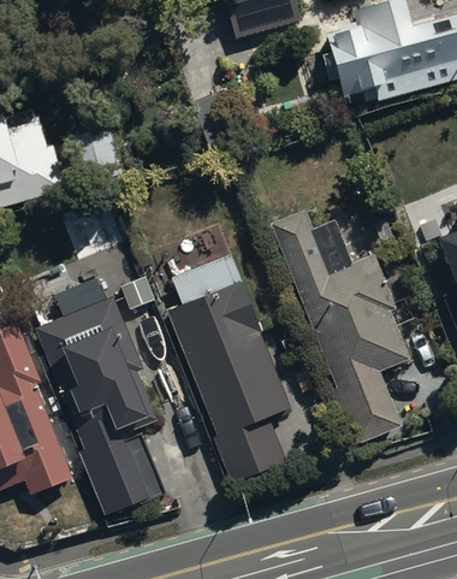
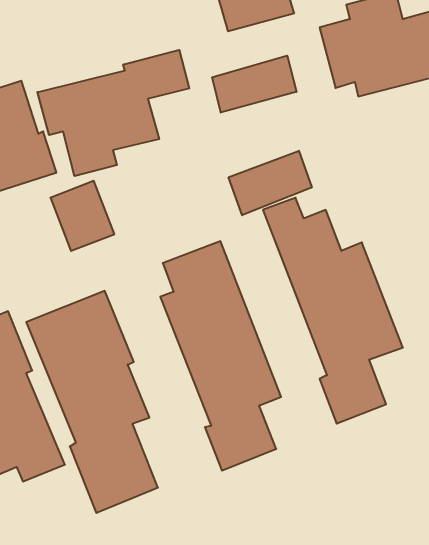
building: none -> [37,50,189,176]
building: none -> [212,56,296,113]
building: none -> [229,151,312,215]

